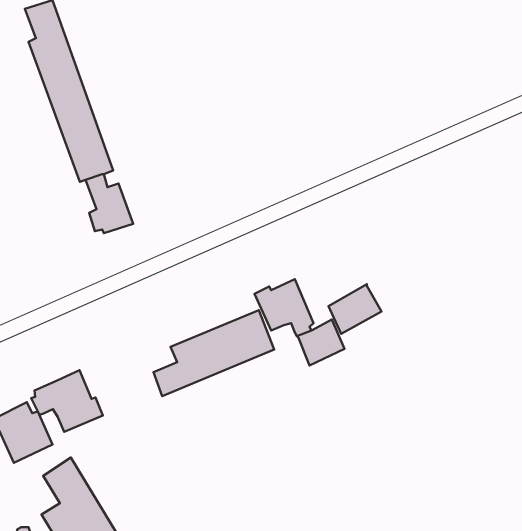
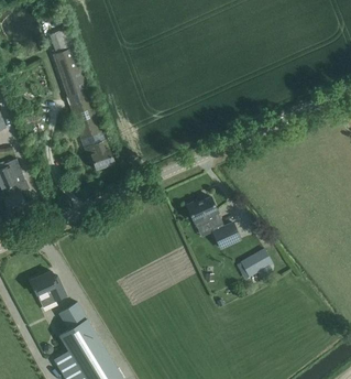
building: [328,284,382,334] -> [240,247,272,277]
building: [153,310,274,396] -> none
building: [31,370,103,432] -> none

